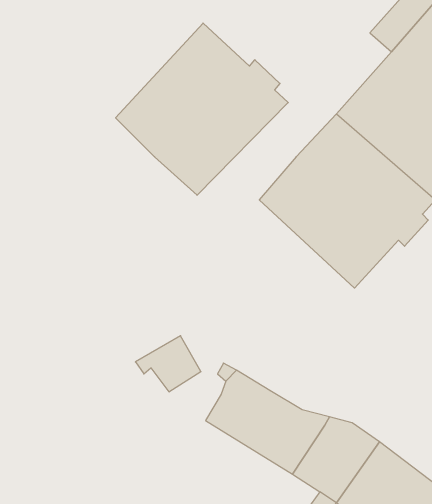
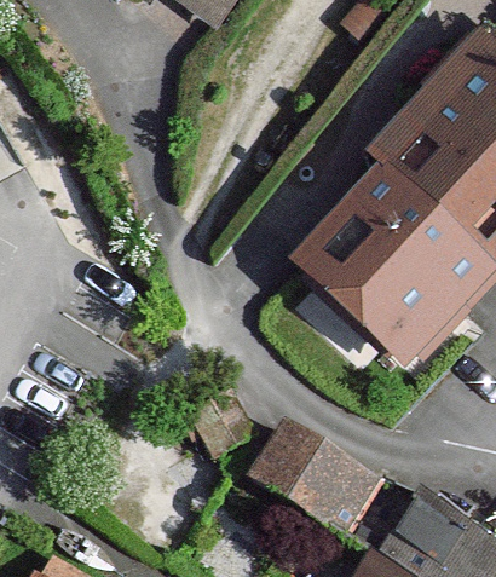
building: [116,23,288,195] -> none

